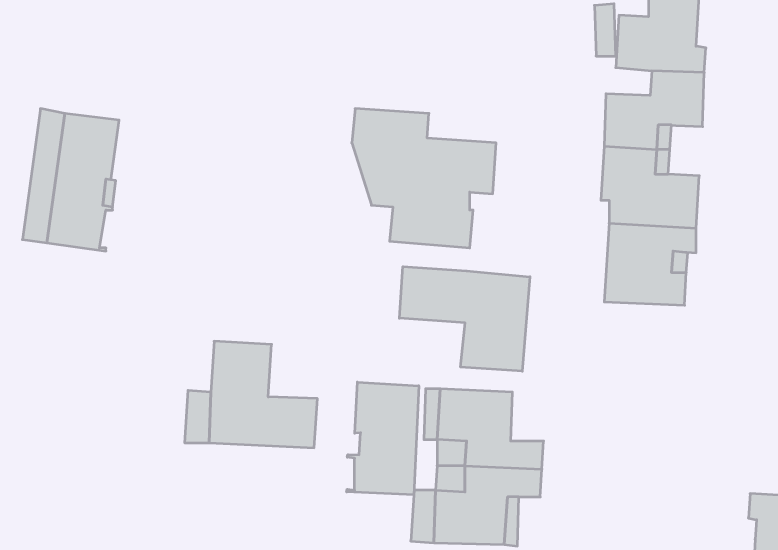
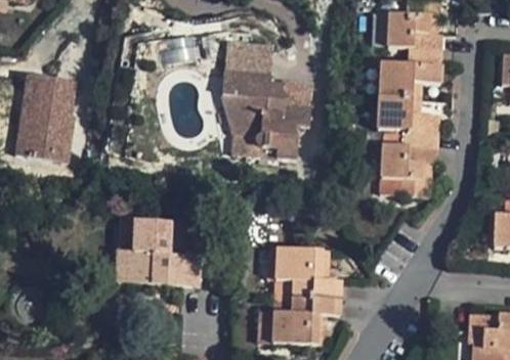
building: none -> [230,43,264,75]
building: [399,267,530,371] -> none
building: [347,382,419,495] -> none

